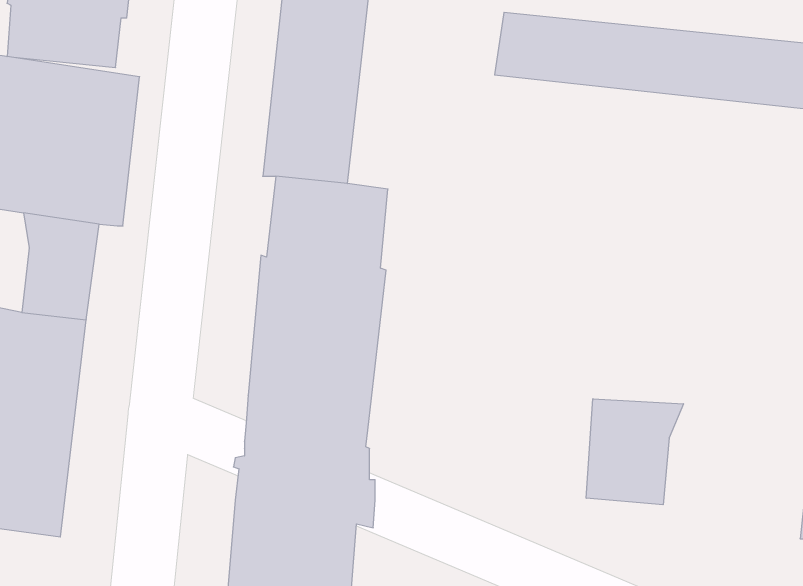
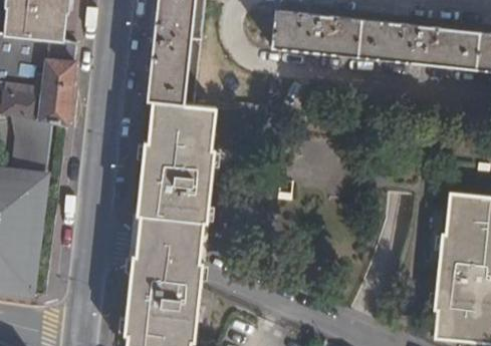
building: [586,399,683,505] -> none

